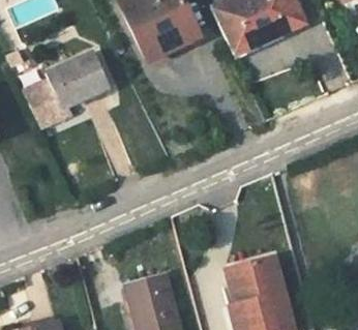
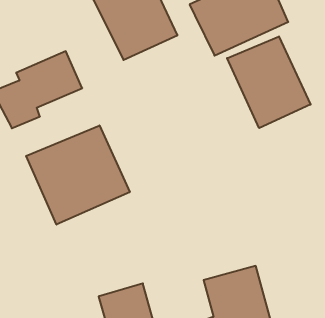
building: none -> [227,36,311,128]
building: none -> [26,125,130,225]

